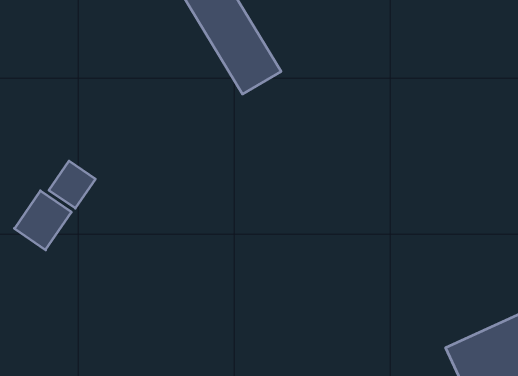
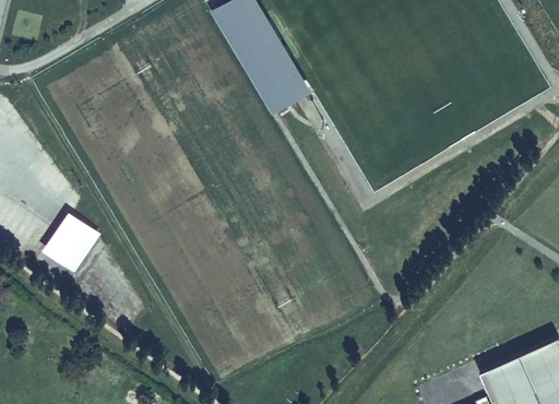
building: [49,161,95,208] -> none

